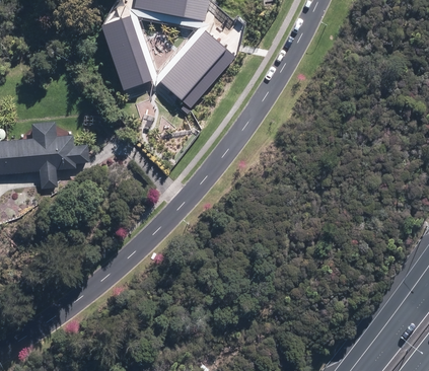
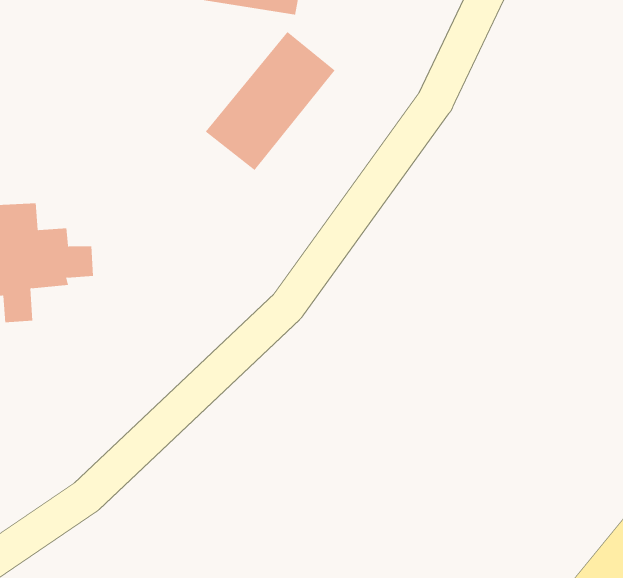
building: [102,16,147,89] -> none

